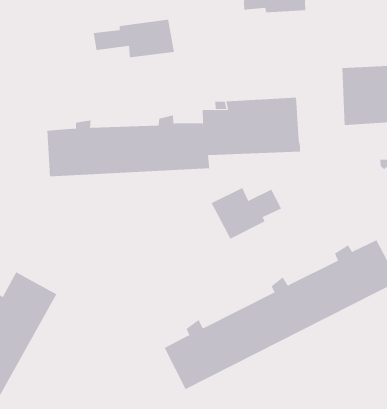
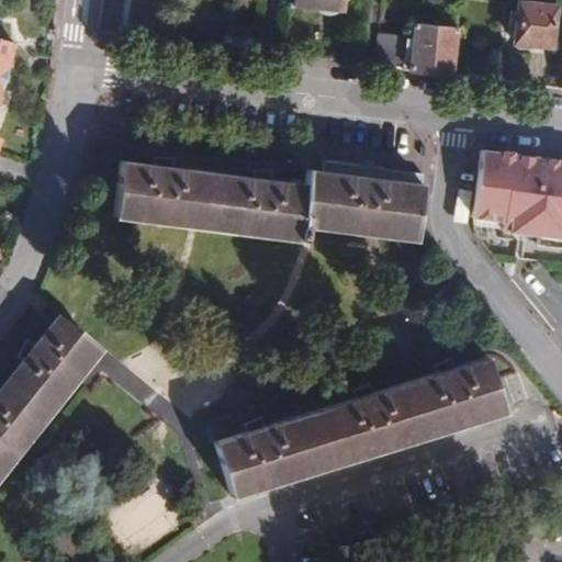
building: [93,19,174,58] -> none
building: [211,187,282,240] -> none

